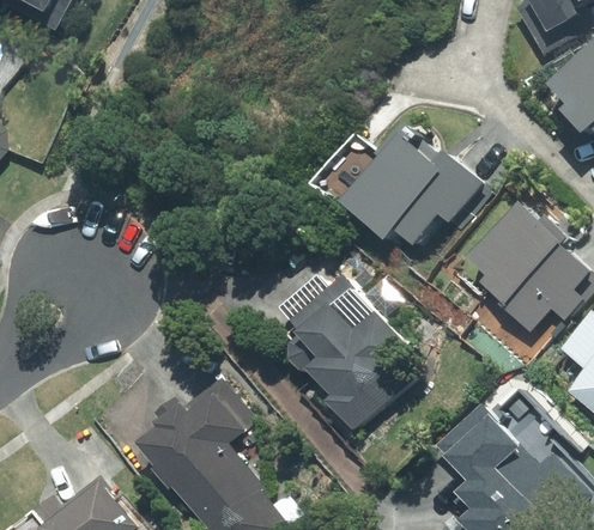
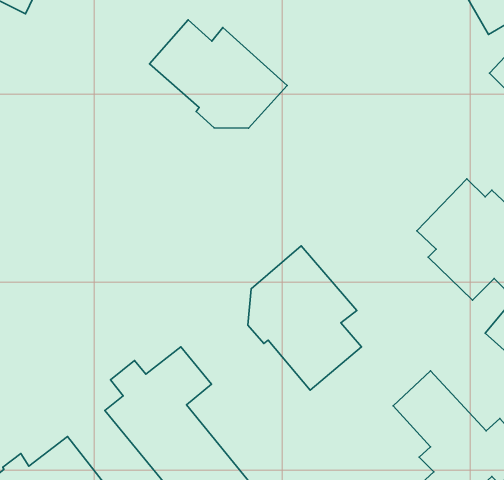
building: none -> [150,20,287,128]
building: [328,122,484,245] -> none

